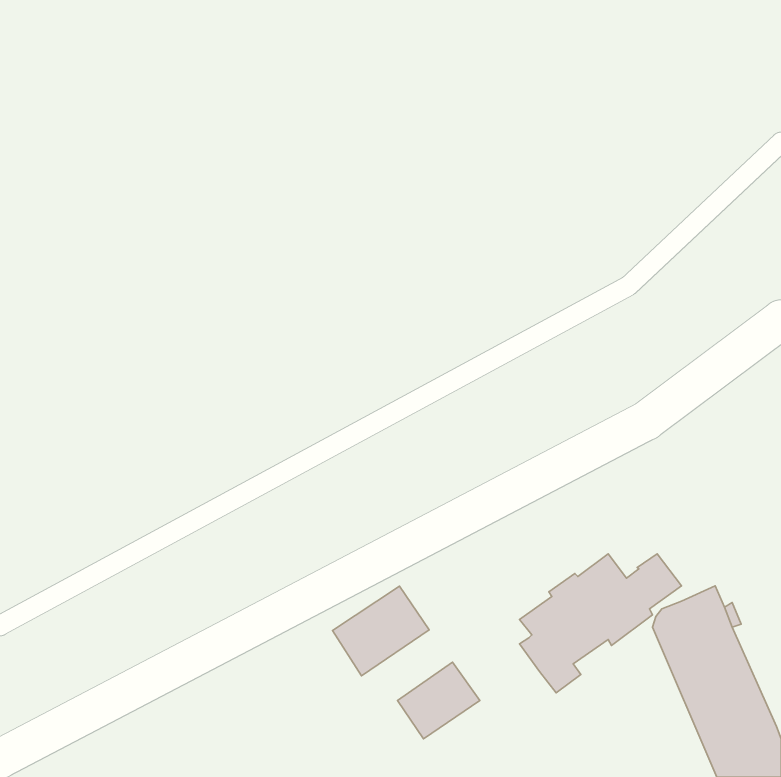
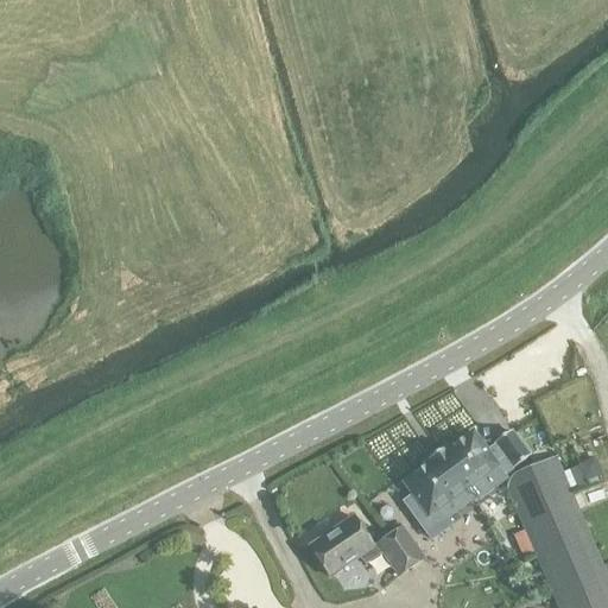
building: [333,586,429,676] -> none
building: none -> [376,525,423,572]

